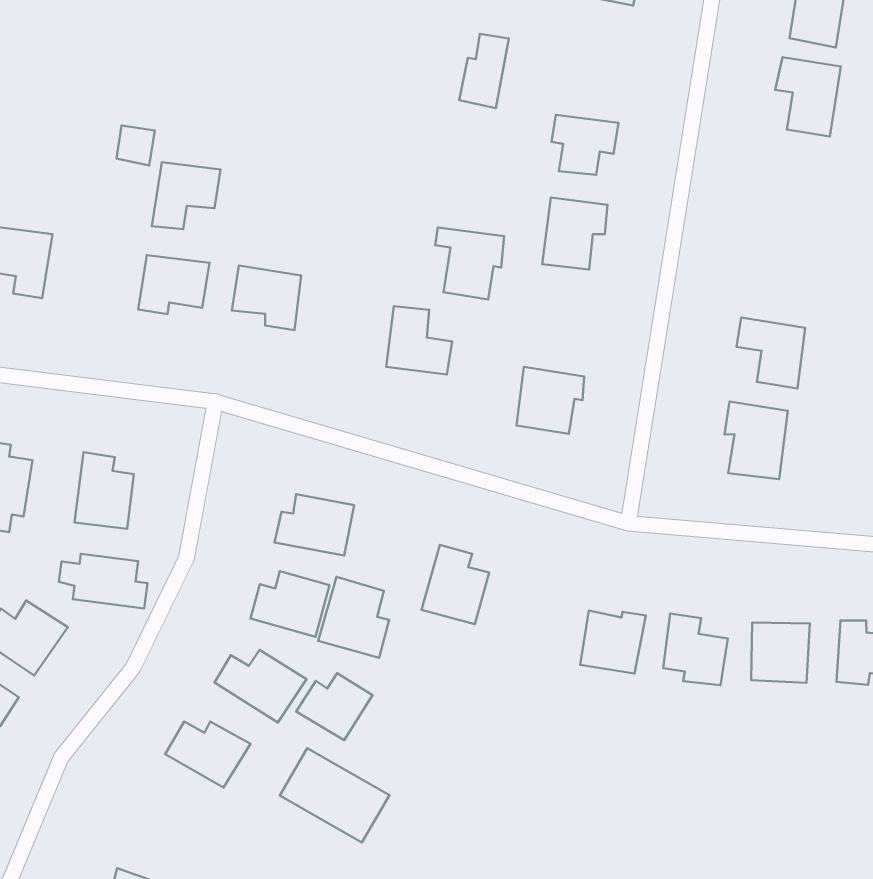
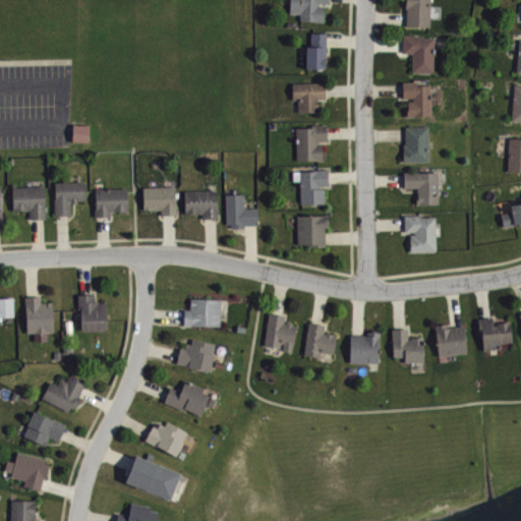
building: [459,34,509,108] -> [306,34,327,70]
building: none -> [403,83,431,117]
building: [152,162,221,229] -> [55,182,85,217]
building: [435,228,504,299] -> [293,171,329,205]
building: none -> [404,126,429,163]
building: none -> [185,190,218,220]
building: [59,554,147,609] -> none
building: none -> [304,324,337,358]
building: [318,577,389,658] -> none
building: [296,673,373,740] -> none
building: [280,748,389,843] -> [125,456,181,500]

